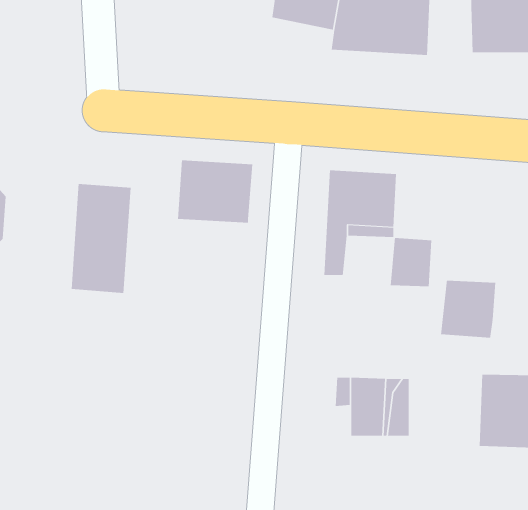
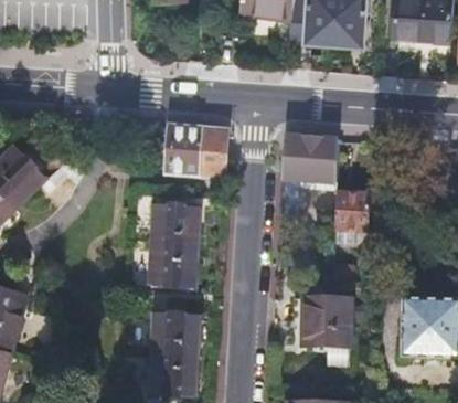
building: [71,183,131,293] -> [150,199,198,285]
building: [440,280,496,339] -> none
building: none -> [151,309,198,393]

